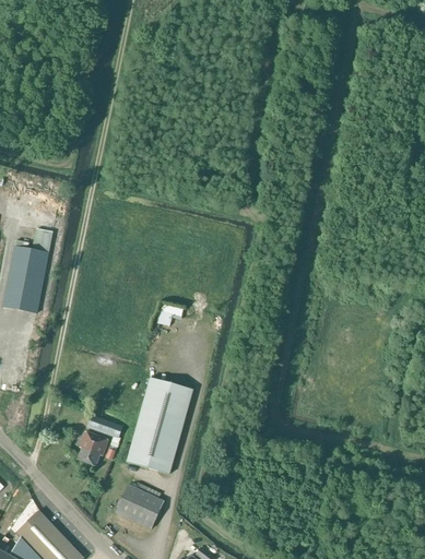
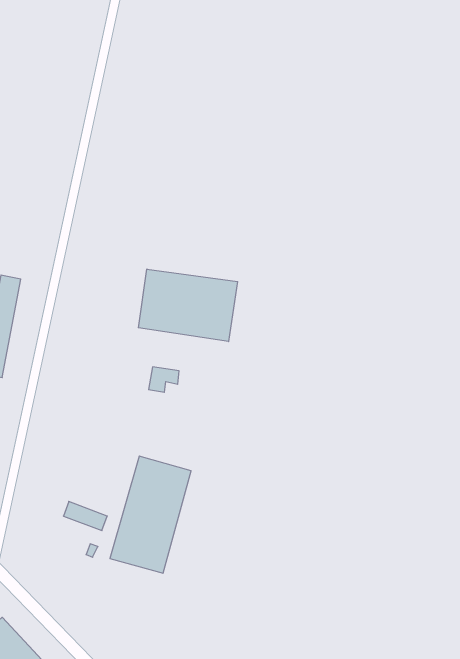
building: none -> [138,269,238,342]
building: [76,432,107,467] -> none
building: [116,483,164,531] -> none

